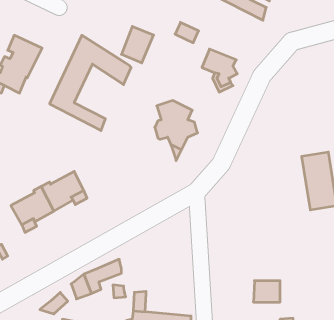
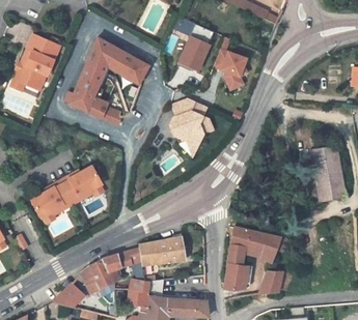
building: [121,26,154,63] -> [178,38,210,74]
building: none -> [224,230,279,289]
building: none -> [134,237,180,265]

